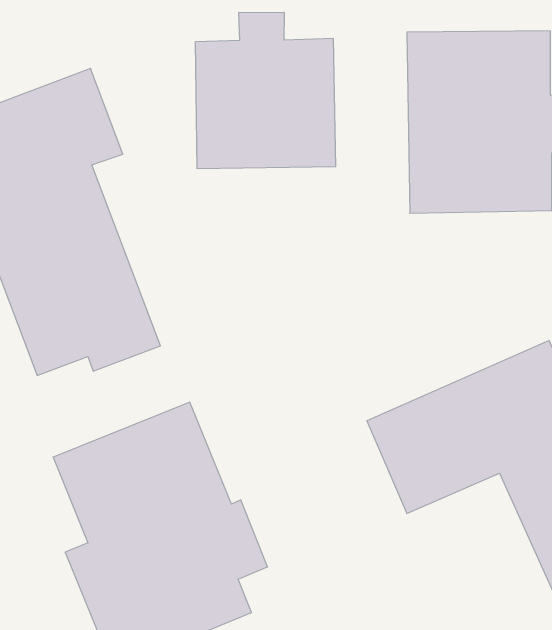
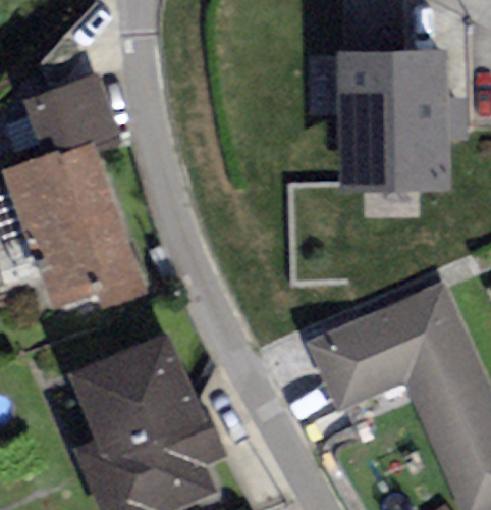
building: [196,12,336,169] -> none

